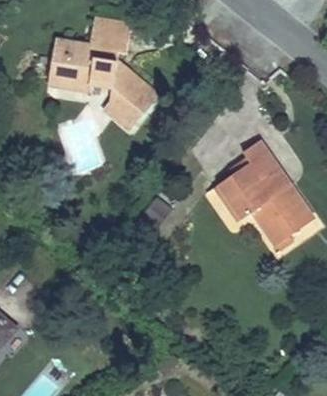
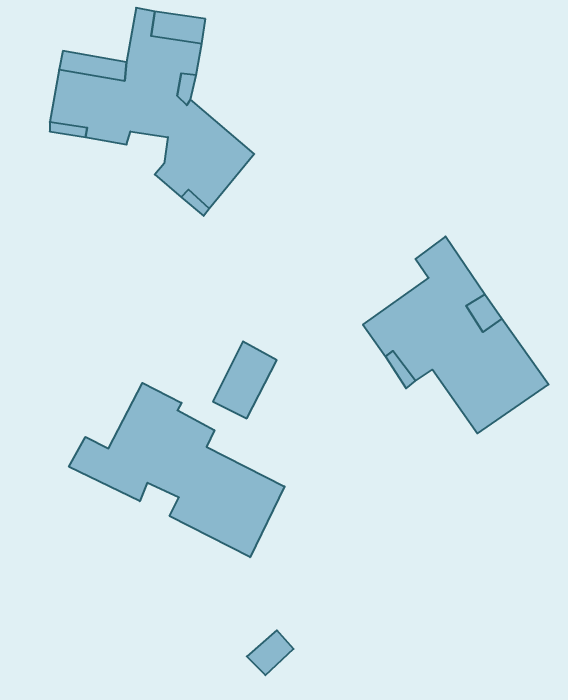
building: none -> [69,383,285,557]

